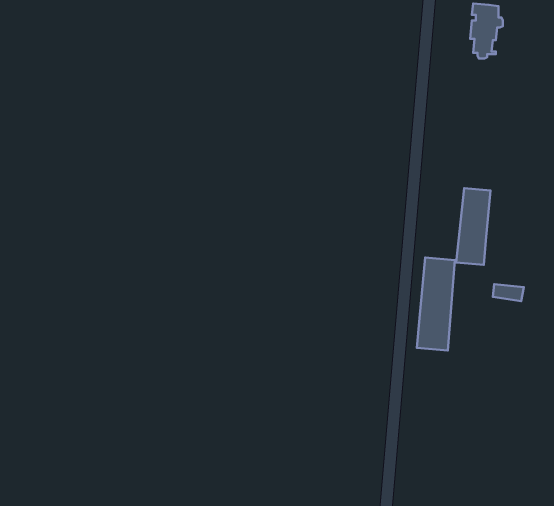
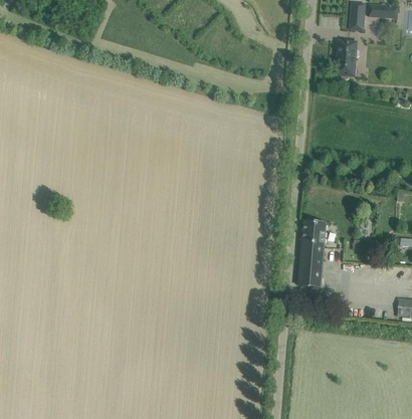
building: [456,188,490,265] -> none

